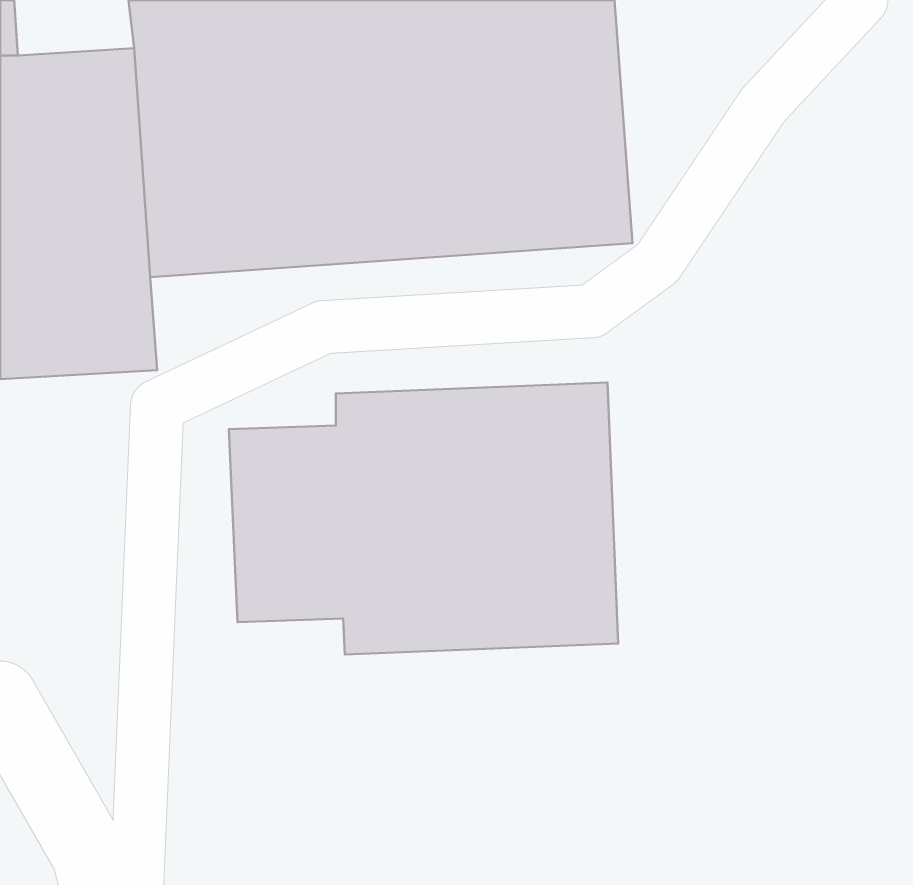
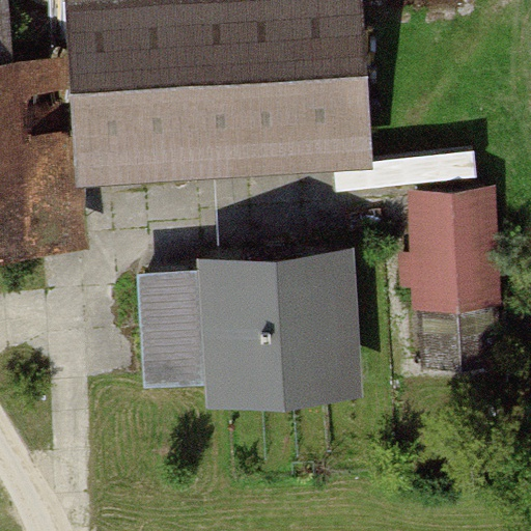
building: none -> [415,184,504,304]

